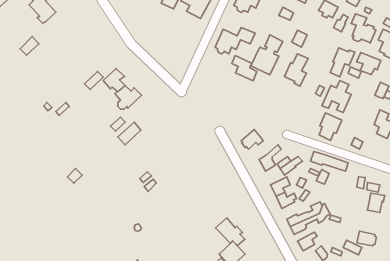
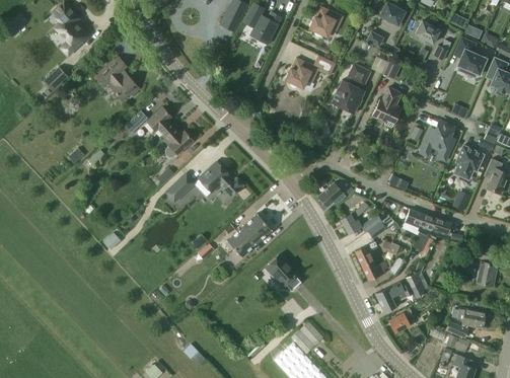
building: none -> [94,56,140,100]
building: [330,48,355,77] -> none
building: [356,52,381,75] -> none
building: [232,55,257,81] -> none
building: [319,113,342,141] -> [454,146,483,180]
building: none -> [199,162,242,196]
building: none -> [227,214,272,256]
building: [215,218,245,246] -> [265,255,301,290]

